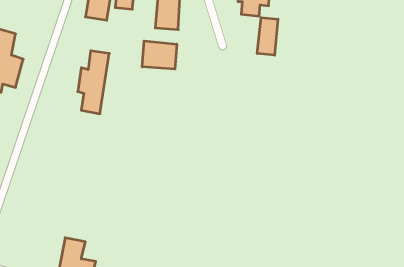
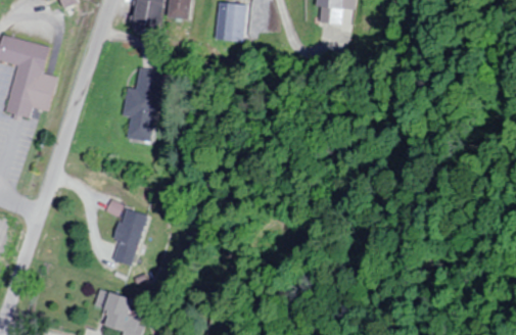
building: [257,18,278,55] -> none
building: [142,41,177,69] -> none
building: none -> [109,209,145,267]

